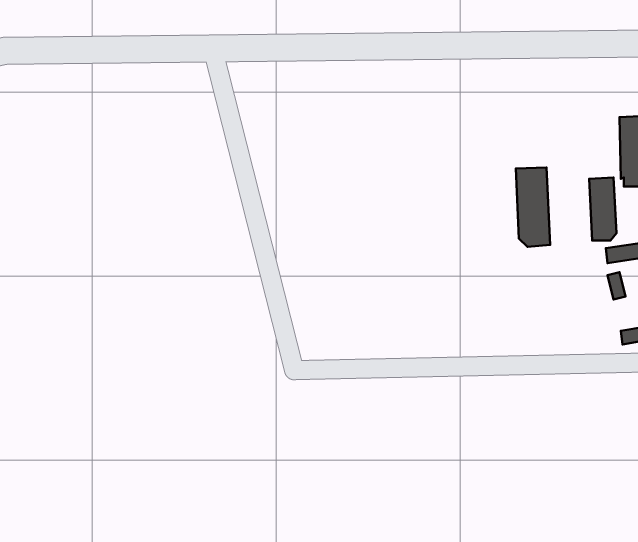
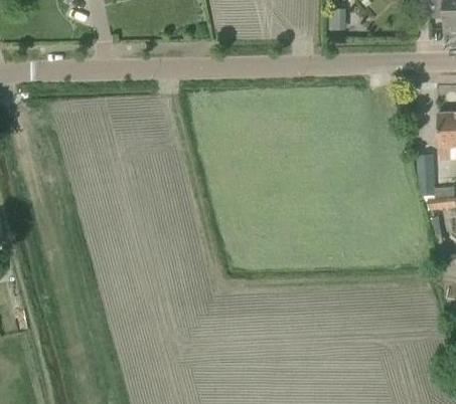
building: [516,168,550,247] -> none

